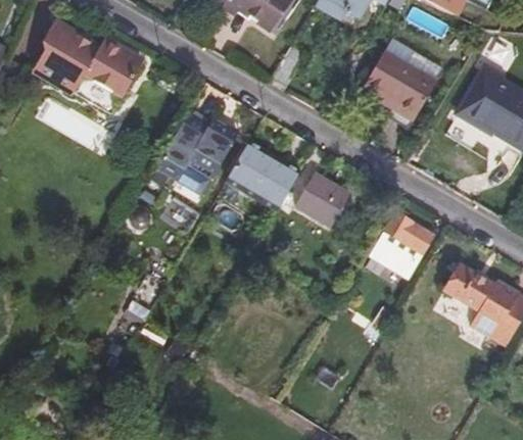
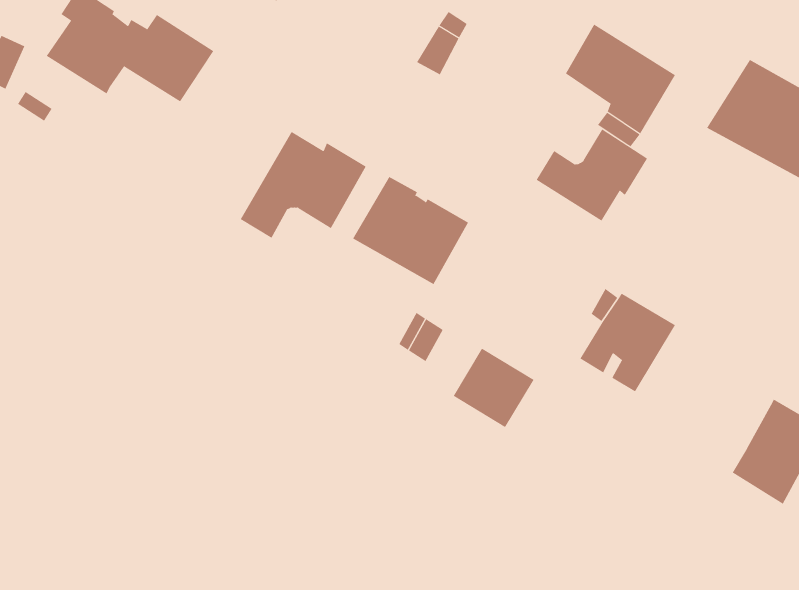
building: none -> [536,128,648,221]
building: [298,175,350,226] -> [453,348,534,428]
building: [445,266,495,314] -> none

